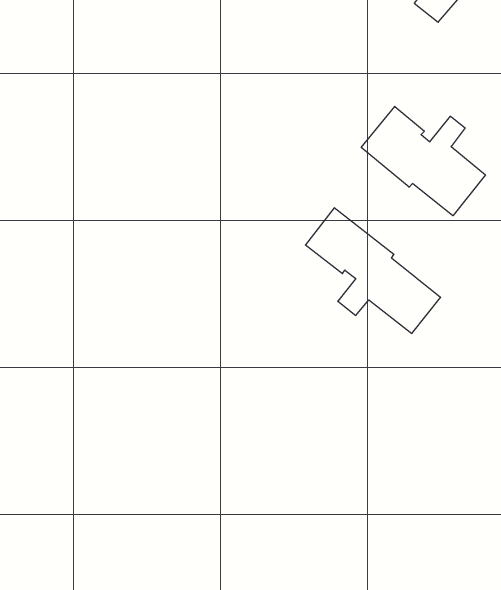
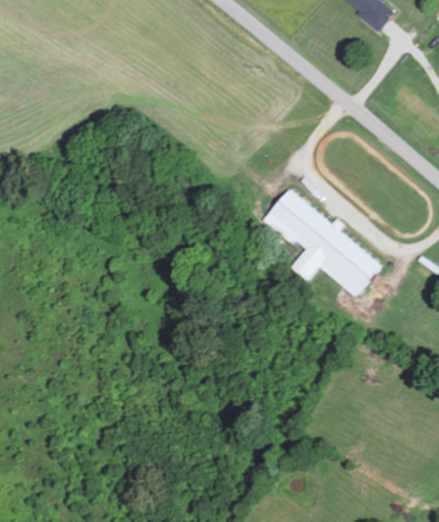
building: [361,106,485,216] -> none

